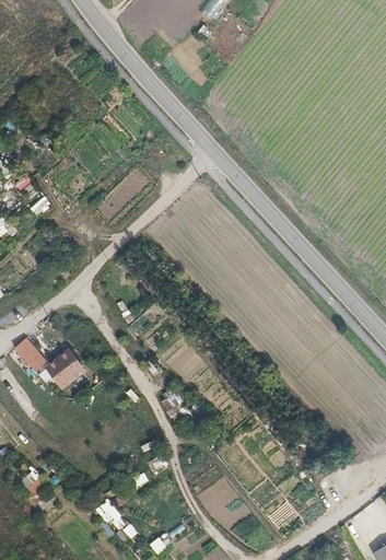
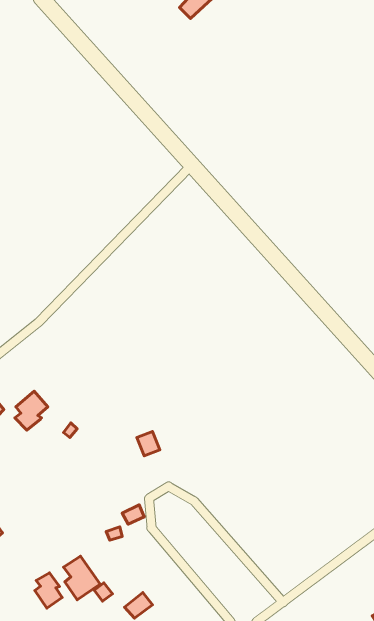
building: none -> [35,573,62,608]

